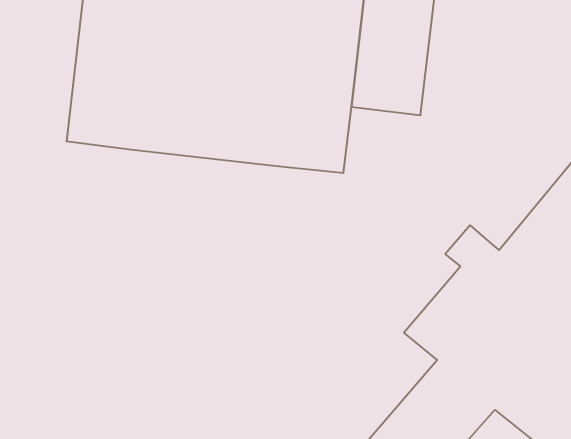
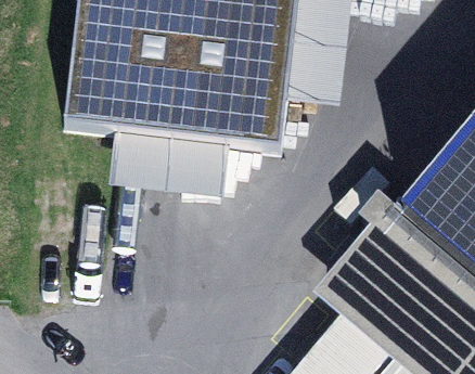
building: none -> [108,134,231,201]

